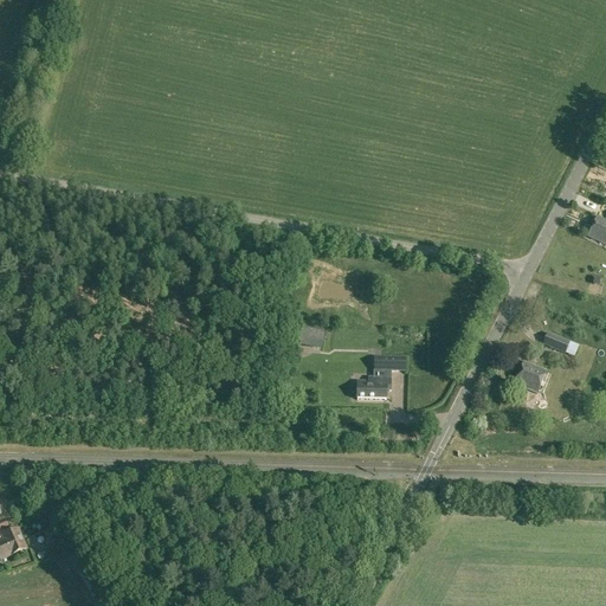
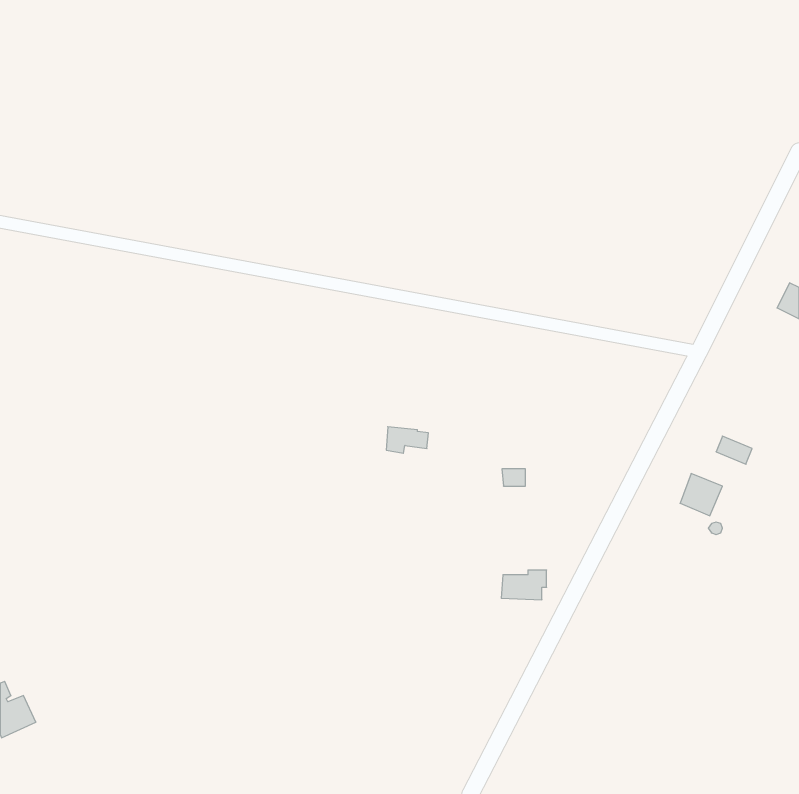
building: [356,375,391,398] -> [501,570,547,600]

